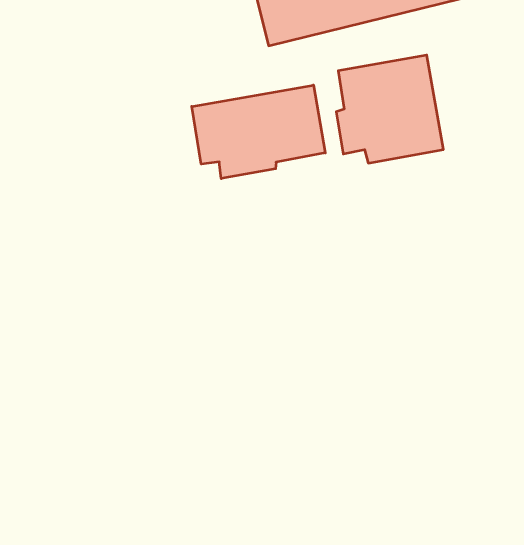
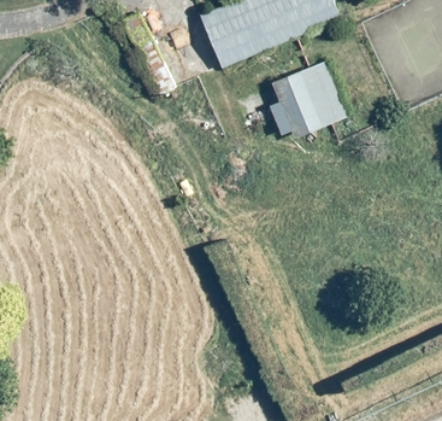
building: [192,85,325,179] -> none

